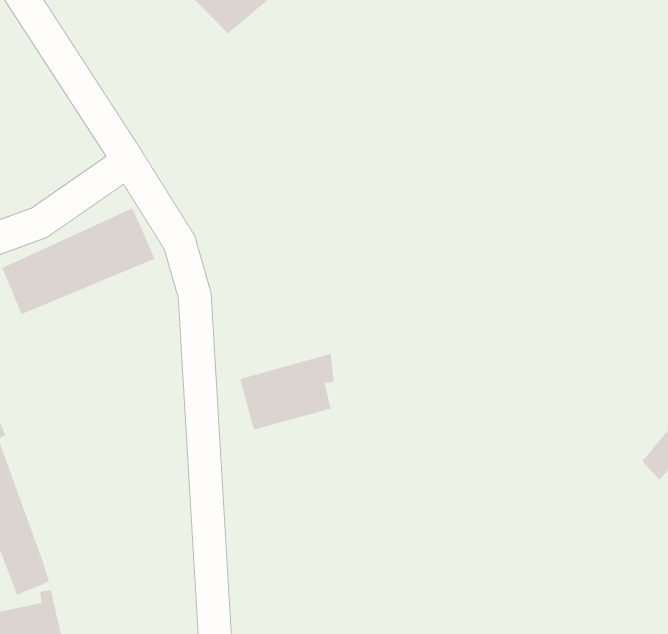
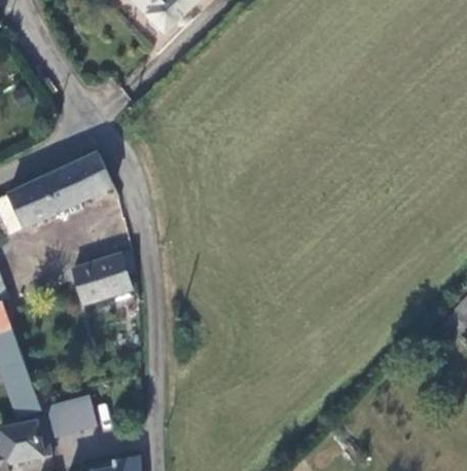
building: [239,353,335,430] -> [70,251,135,303]
building: none -> [46,399,96,437]

